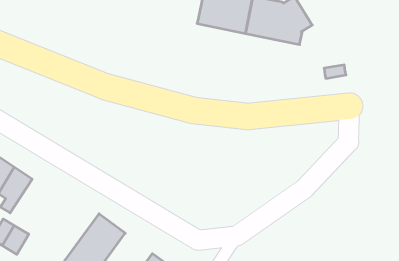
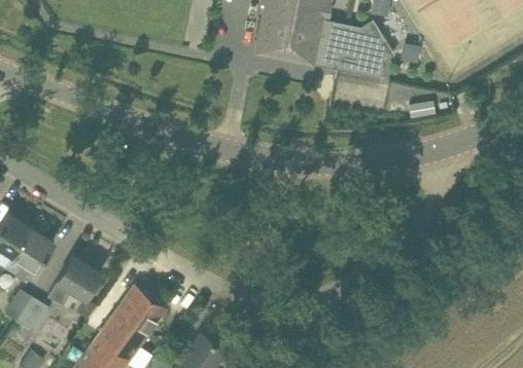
building: none -> [48,254,102,312]

